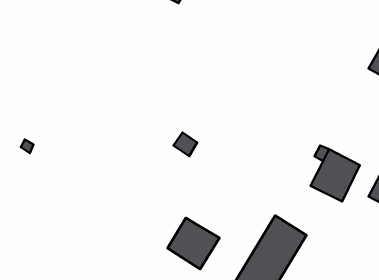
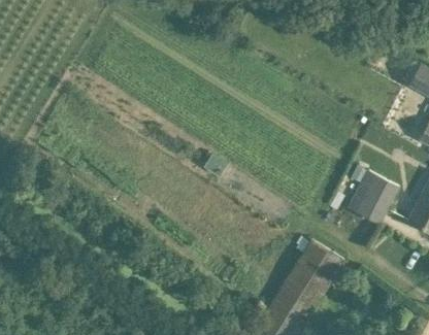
building: [168,218,219,269] -> none

